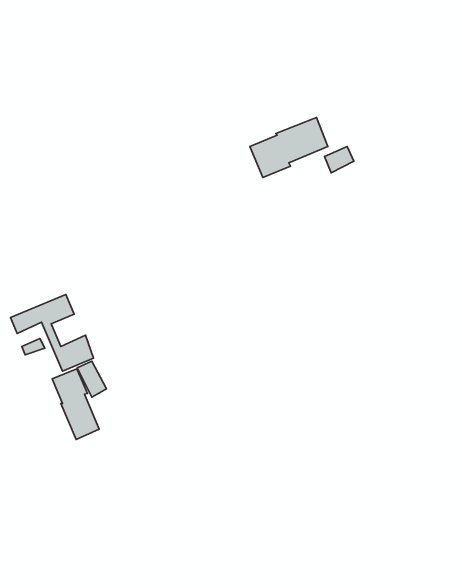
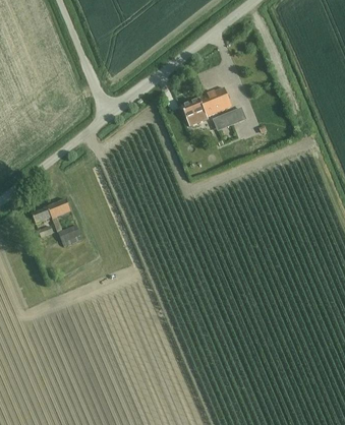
building: [52,369,99,439] -> none

